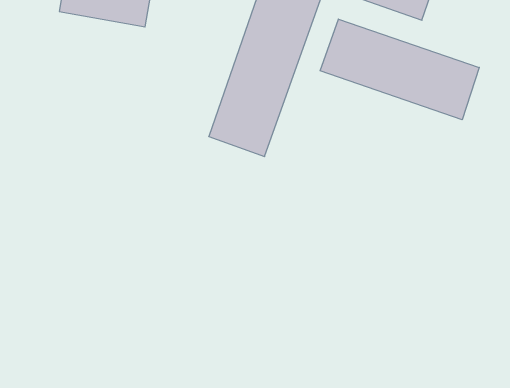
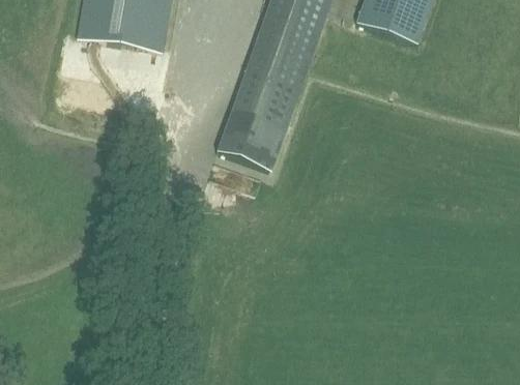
building: [320,19,479,120] -> none

